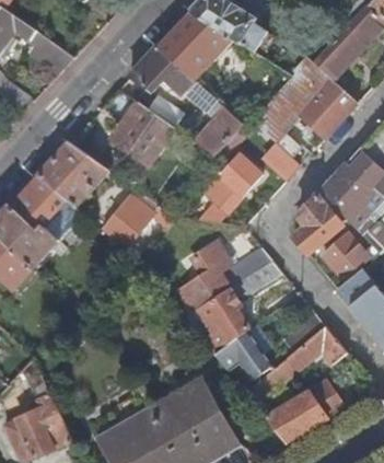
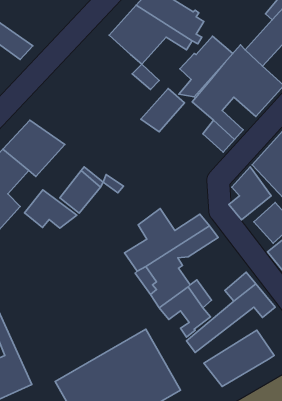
building: [129,45,182,91] -> none
building: [113,101,175,164] -> none
building: [199,153,260,222] -> [179,36,233,97]
building: none -> [24,190,77,228]

